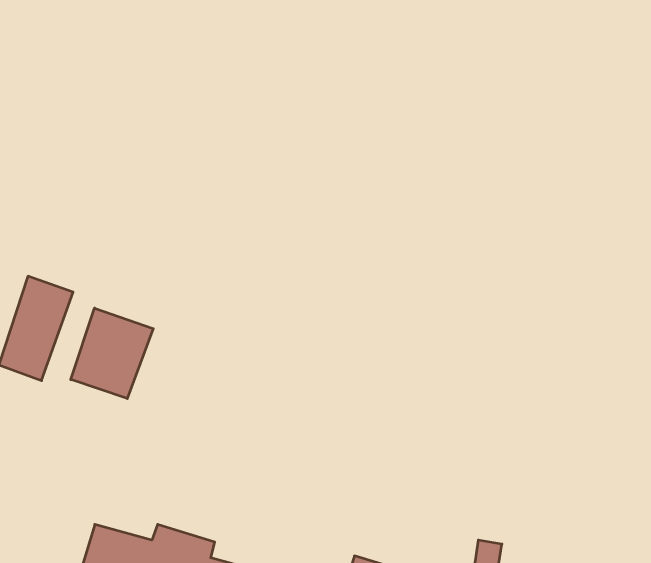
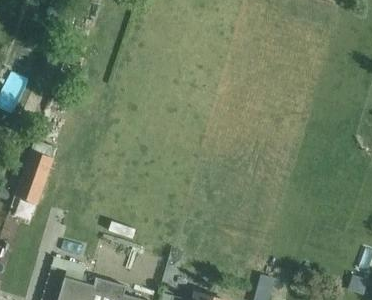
building: [71,308,153,399] -> none

